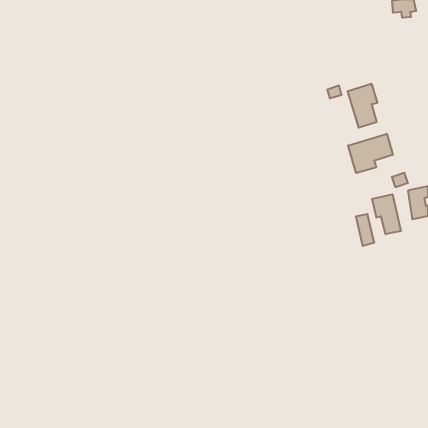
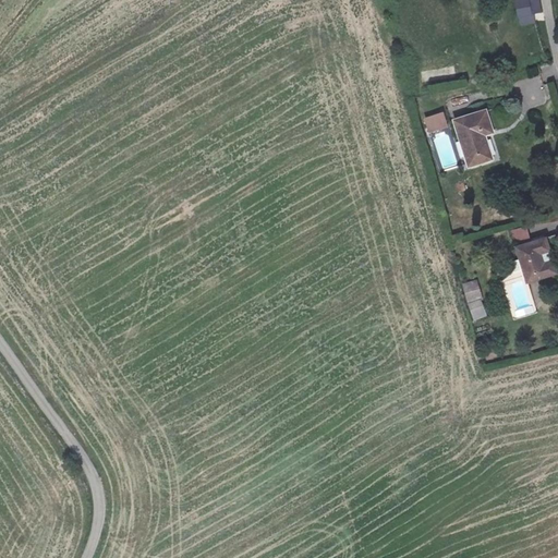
building: [348,134,393,173] -> none
building: [372,194,401,234] -> none

